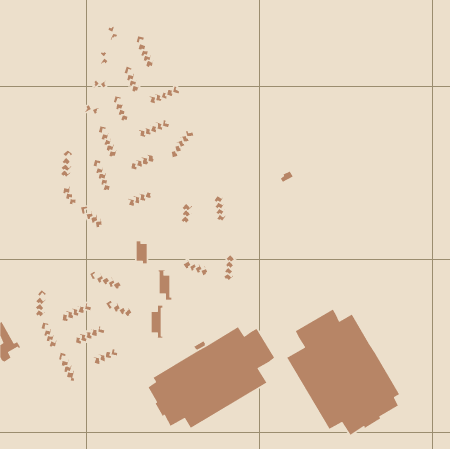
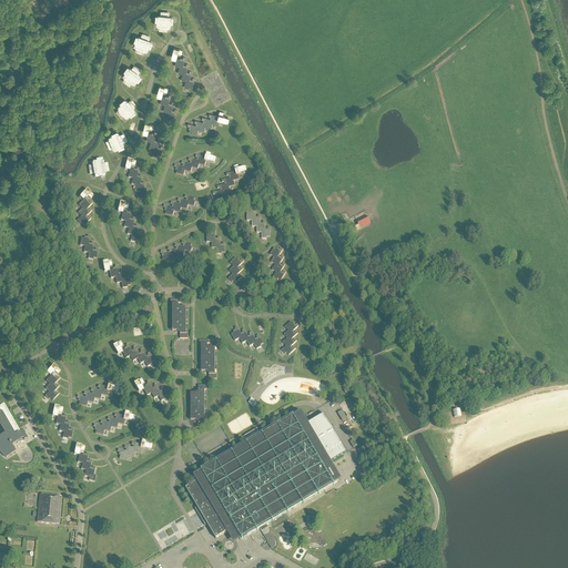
building: [286,309,400,436] -> none
building: none -> [36,491,60,523]

